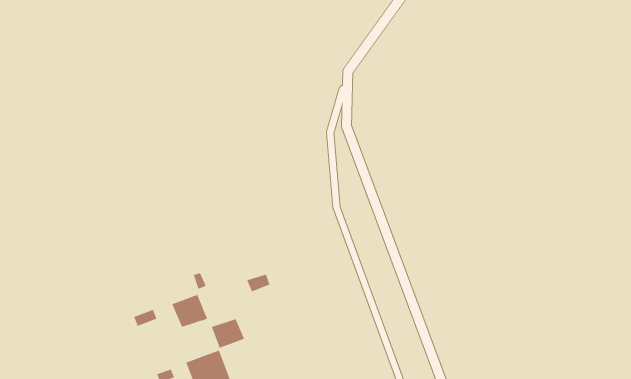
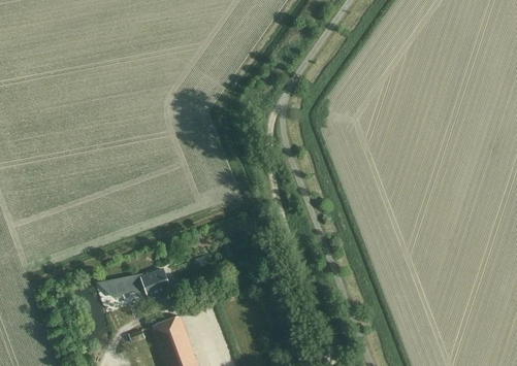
building: [211,318,245,349] -> none

